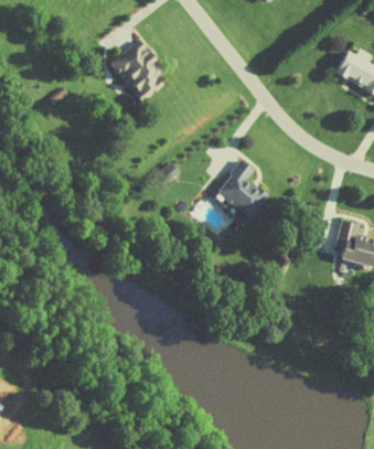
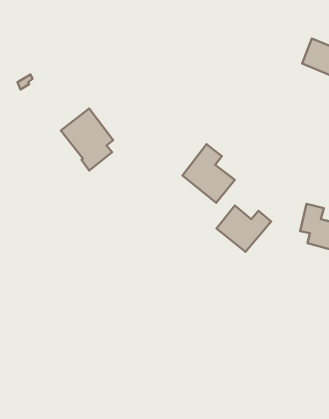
building: [110,39,163,101] -> [61,109,113,171]
building: none -> [217,205,271,252]

